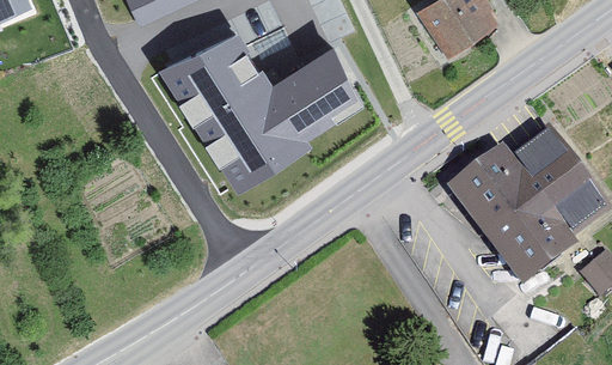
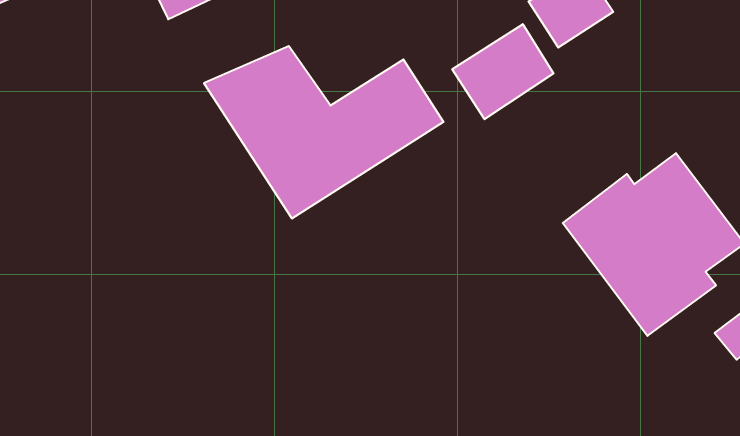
building: none -> [452,24,553,119]

